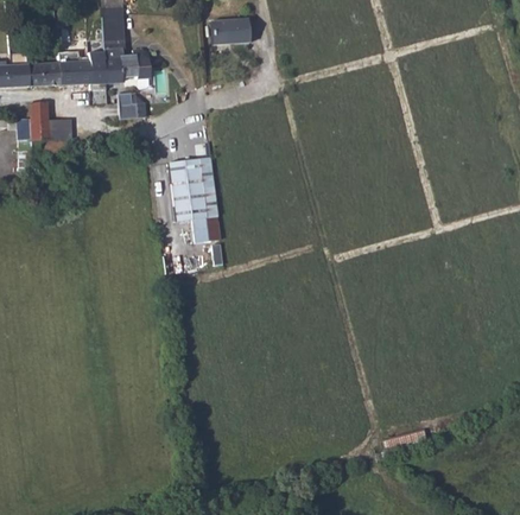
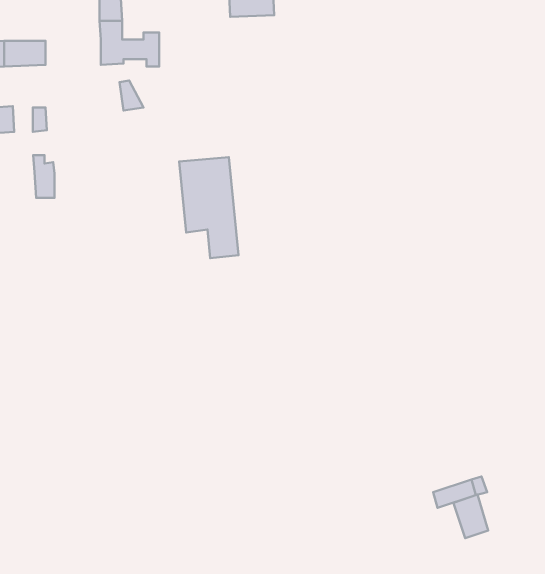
building: [58,62,104,83] -> none
building: [30,103,47,139] -> [33,155,54,198]
building: none -> [453,495,488,538]

